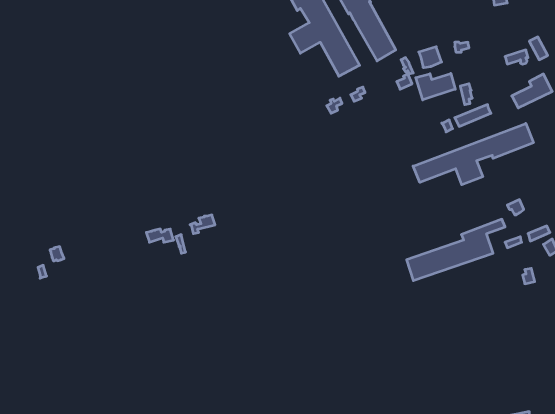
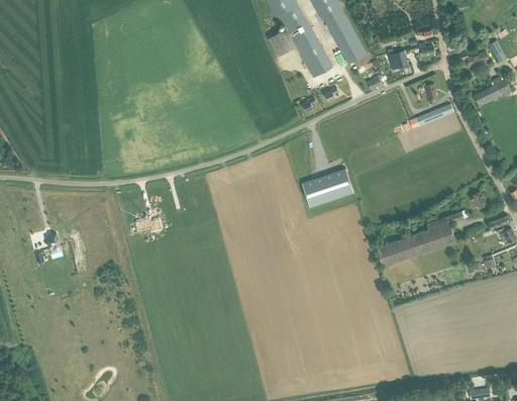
building: [416,73,455,100] -> none
building: [413,123,533,185] -> none
building: none -> [302,168,353,206]

